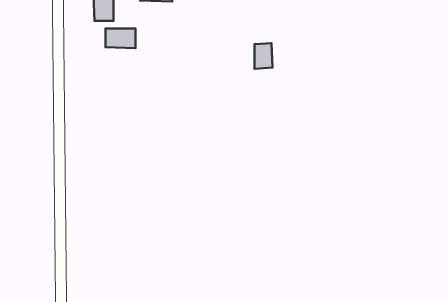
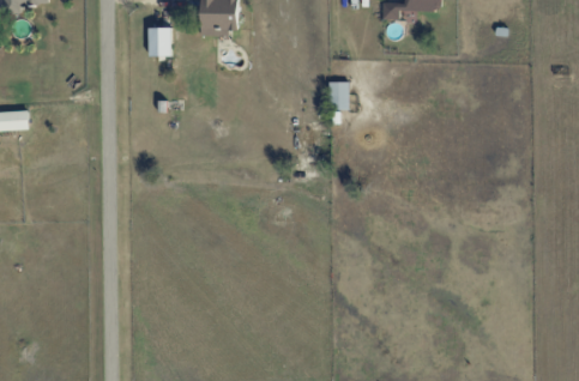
building: [105,28,136,48] -> none

